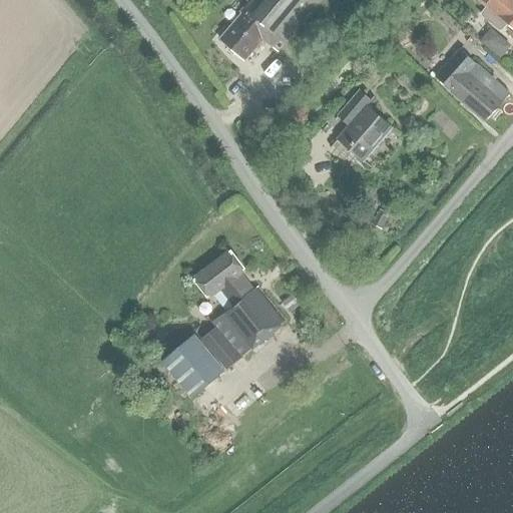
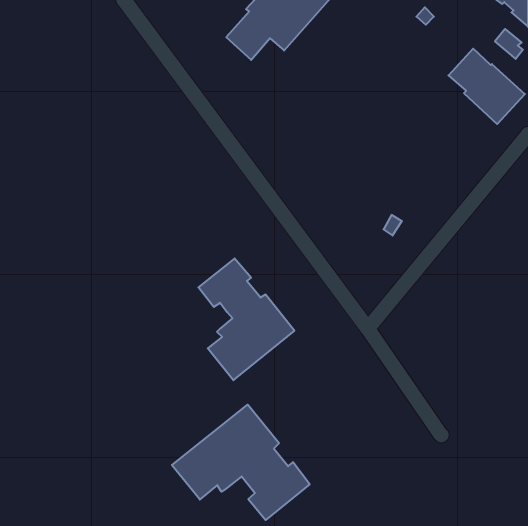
building: [338,88,395,162] -> none
building: [160,335,223,399] -> none
building: none -> [172,405,310,520]

